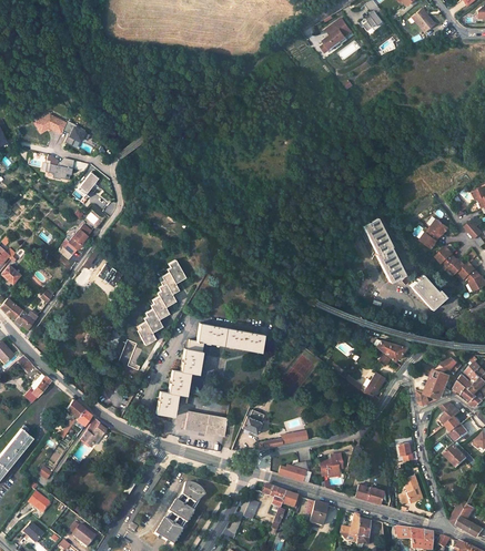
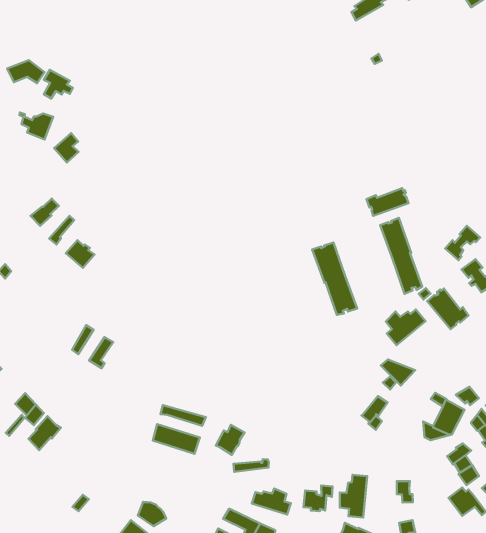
building: none -> [366,188,409,216]
building: none -> [312,242,357,315]
building: [138,259,185,344] -> none
building: none -> [386,309,425,345]
building: [154,324,263,417] -> none
building: none -> [340,475,367,517]

